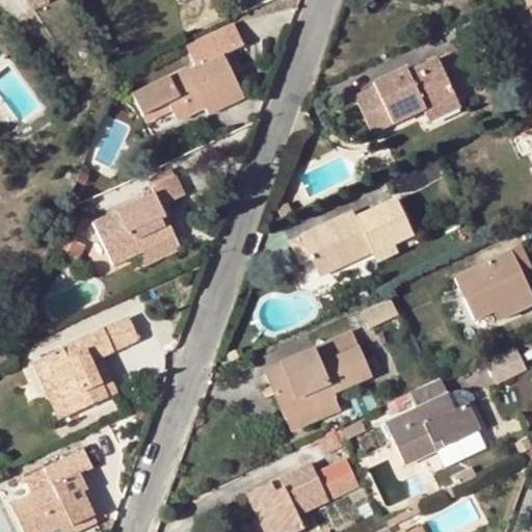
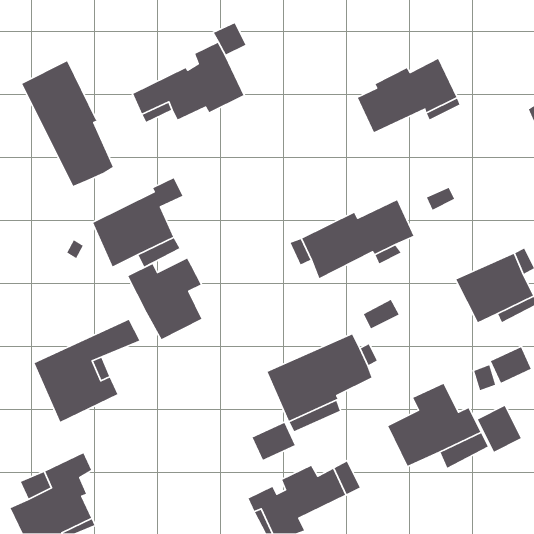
building: none -> [21,60,114,187]
building: none -> [127,258,203,340]
building: none -> [477,405,522,453]
building: none -> [252,422,296,461]

